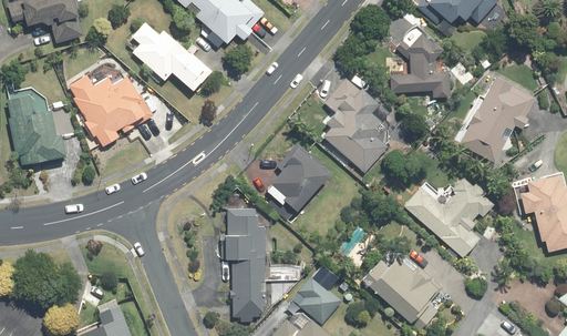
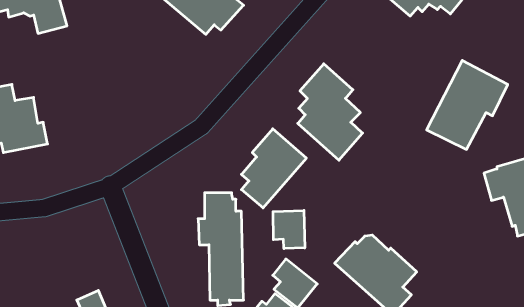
building: [132,21,213,92] -> none
building: [389,23,451,100] -> none
building: [66,72,154,146] -> none
building: [403,175,494,257] -> none
building: none -> [273,210,305,249]

